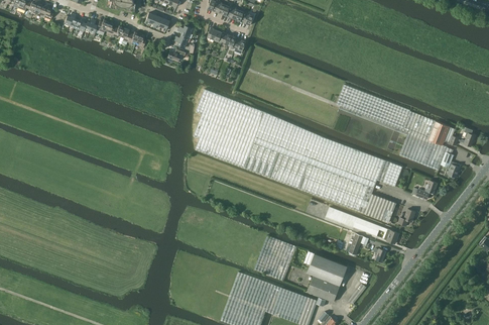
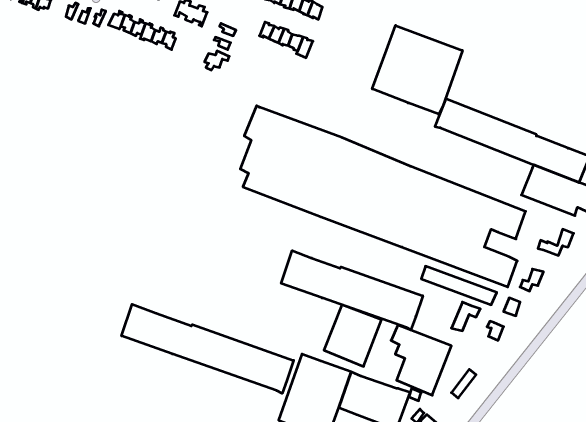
building: none -> [372,25,462,114]
building: none -> [281,251,423,330]
building: none -> [122,304,294,393]

